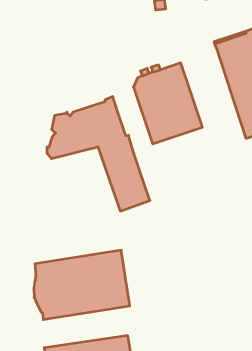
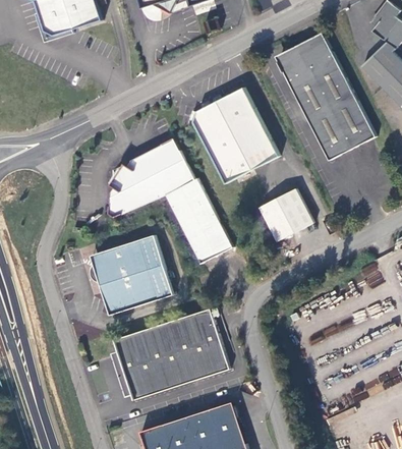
building: none -> [260,187,314,241]
building: none -> [90,234,173,315]

